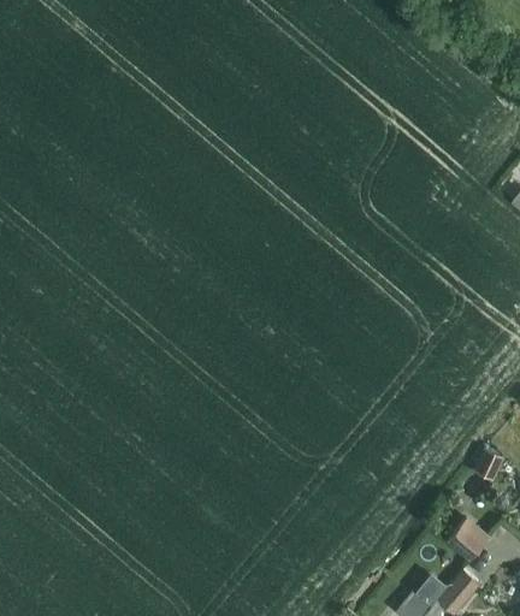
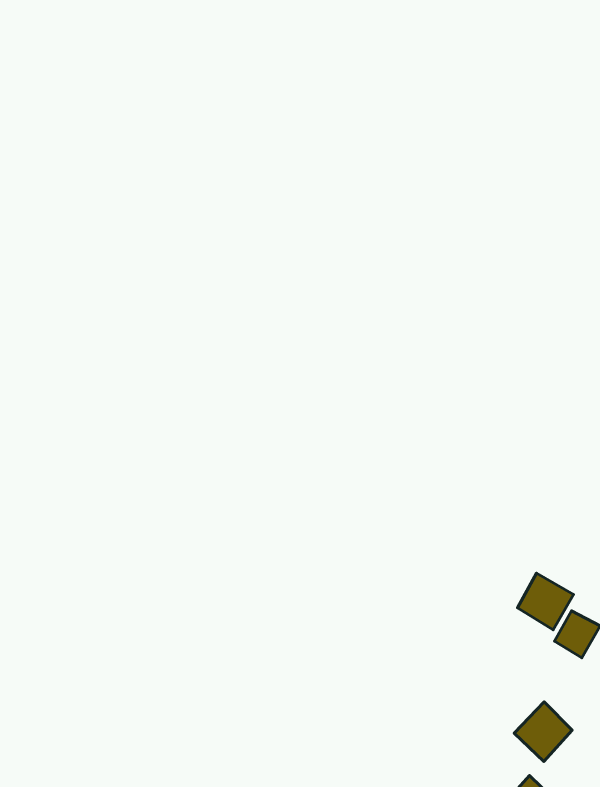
building: none -> [517,573,574,630]

